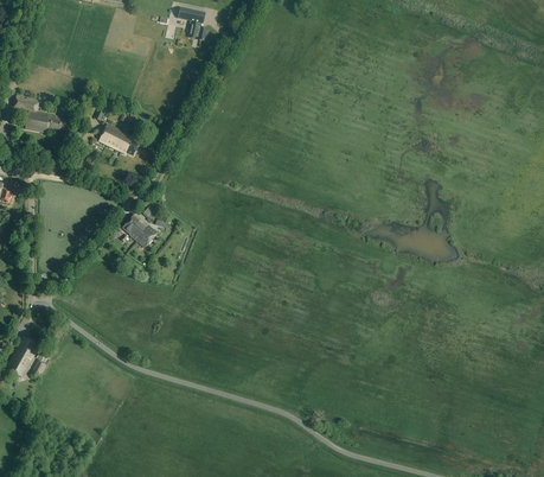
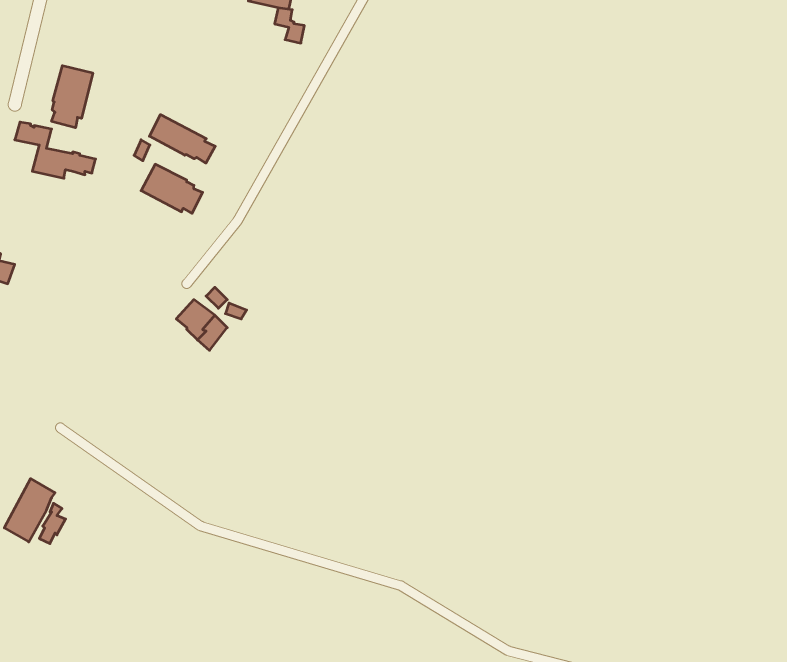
building: none -> [52,66,93,128]
building: none -> [149,115,215,163]

